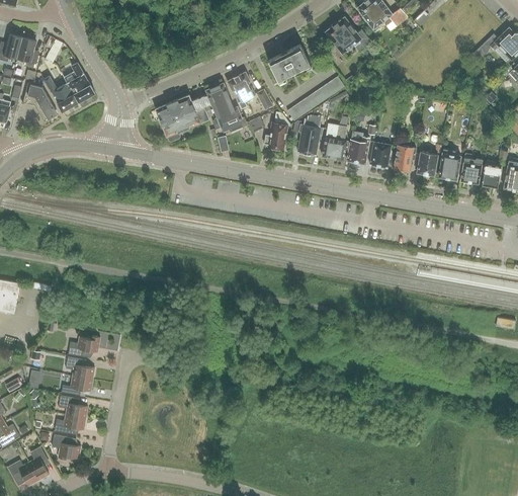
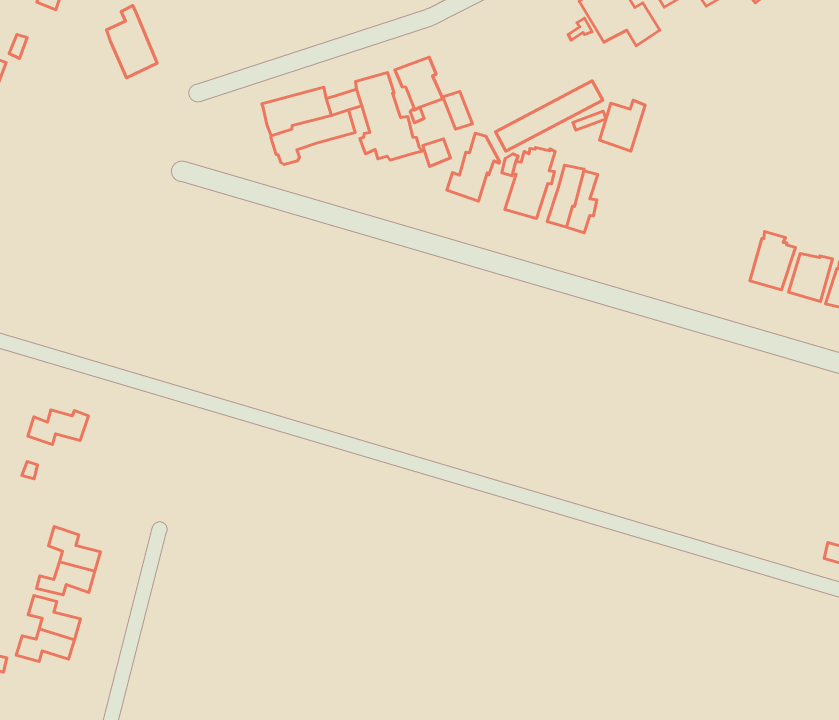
building: [268,44,310,80] -> none
building: [45,76,79,111] -> none
building: [24,83,58,119] -> none
building: [394,135,416,171] -> none
building: [347,136,370,164] -> [599,100,645,151]
building: [370,142,392,167] -> none
building: [417,151,438,176] -> none
building: [67,335,99,355] -> [28,410,88,444]
building: [51,434,80,459] -> none

